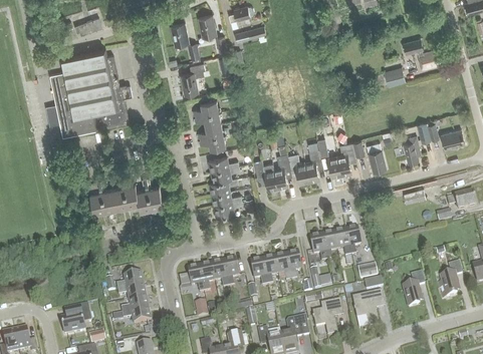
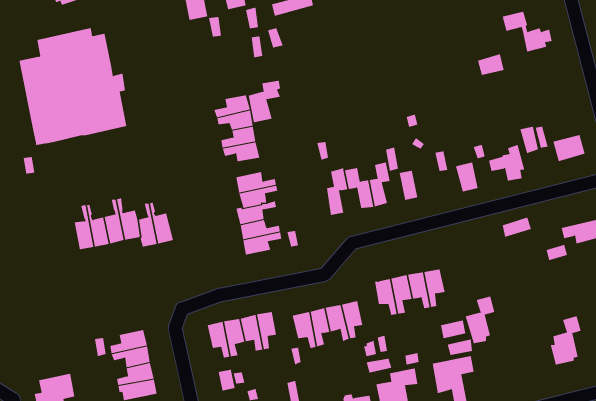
building: [181,62,205,93] -> [248,80,281,123]
building: [338,140,356,173] -> none
building: [255,157,278,189] -> none
building: [403,270,425,305] -> [465,296,495,344]

